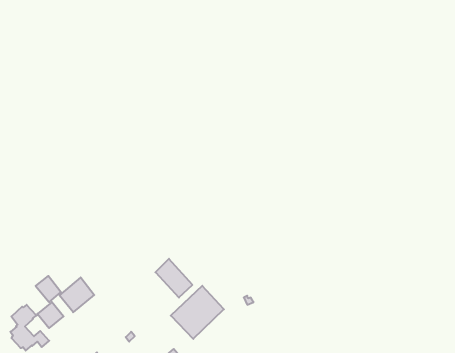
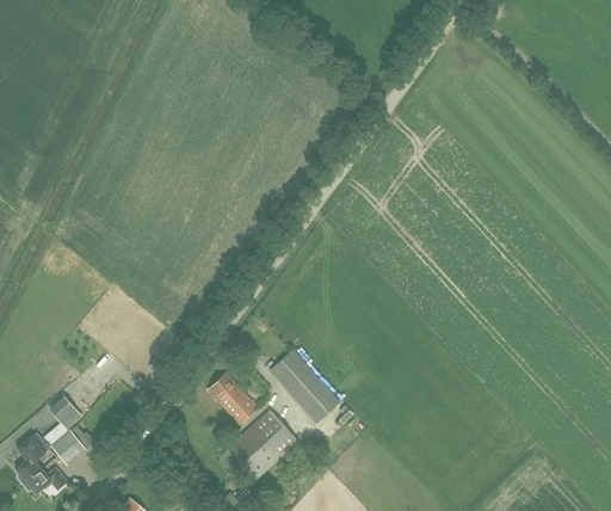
building: none -> [270,349,339,421]
building: [60,277,94,312] -> none

